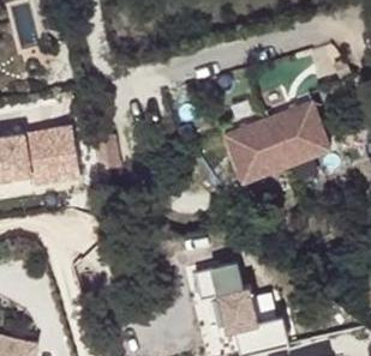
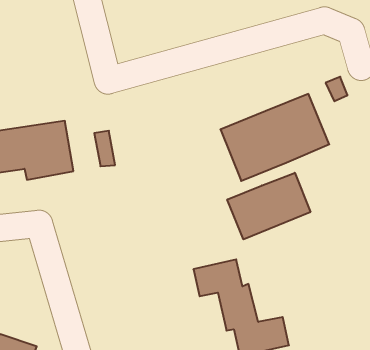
building: none -> [227,173,310,239]

